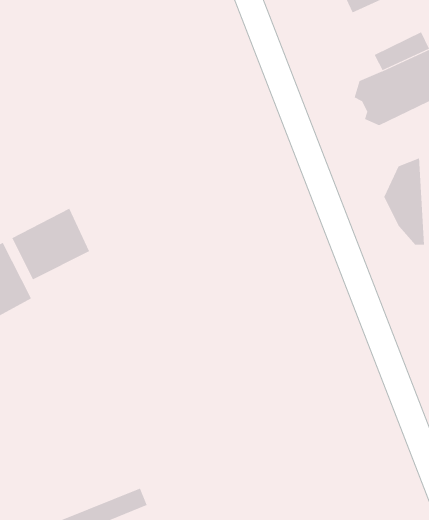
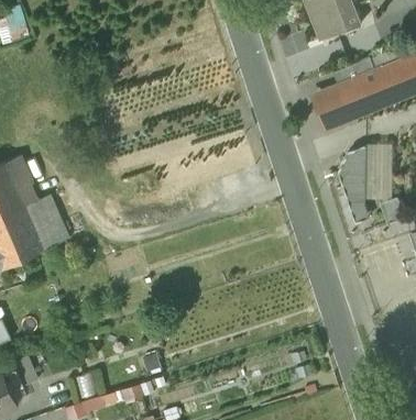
building: [11,208,90,280] -> none

